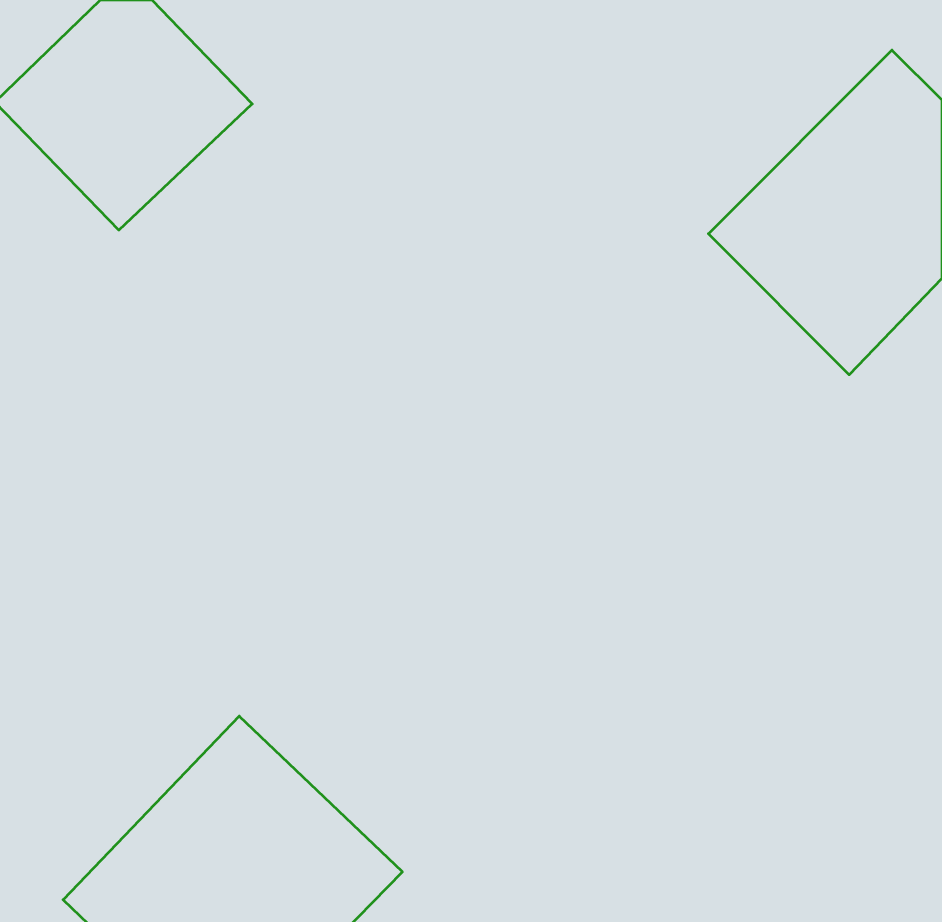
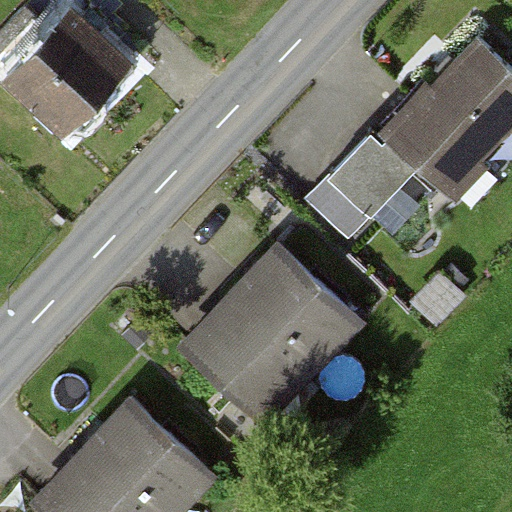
building: none -> [327,135,415,223]
building: none -> [174,239,358,424]

